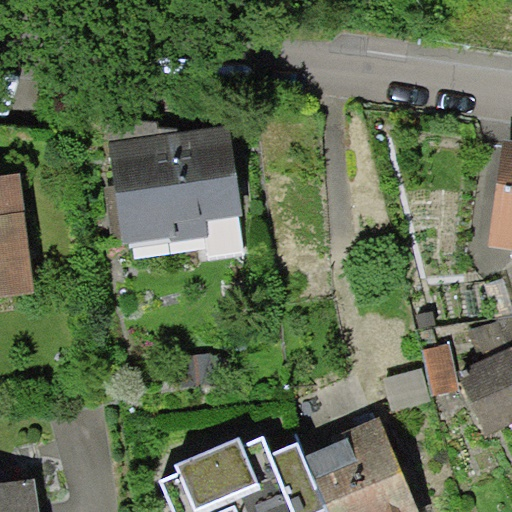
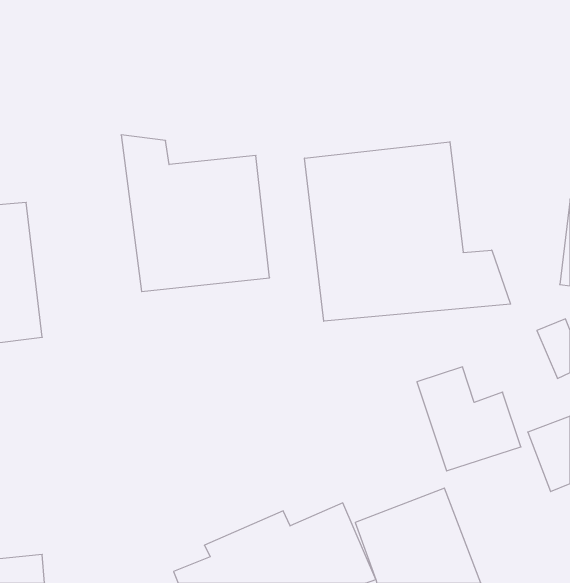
building: none -> [305,142,511,321]

